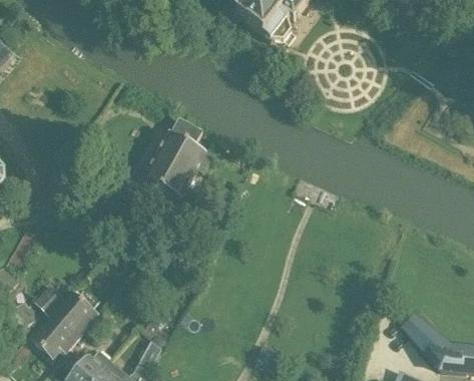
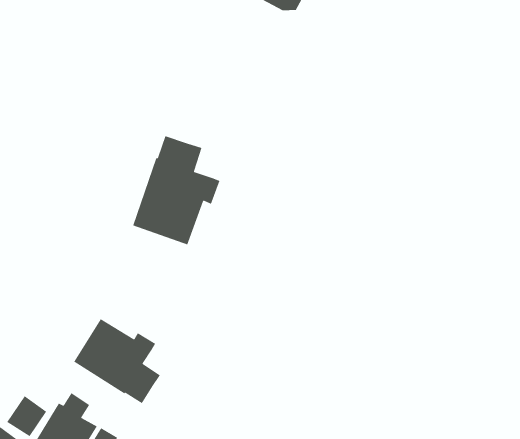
building: none -> [73,318,161,404]

